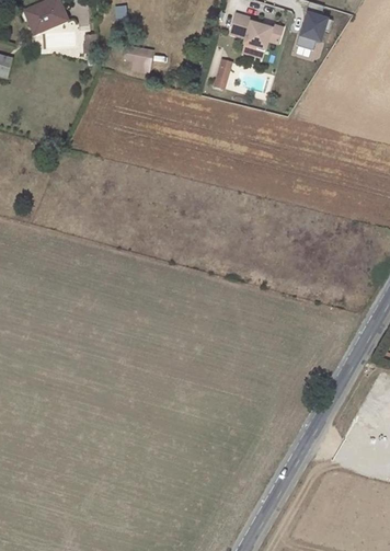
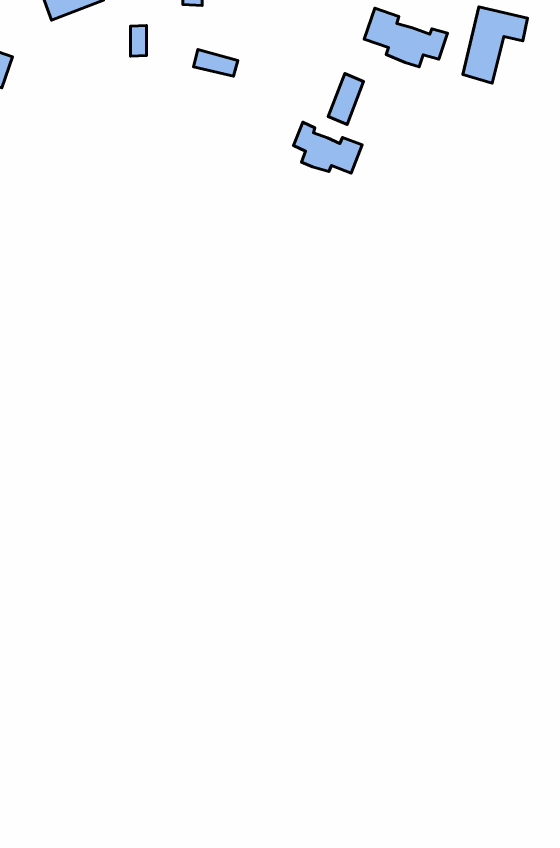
building: none -> [293,122,362,173]

